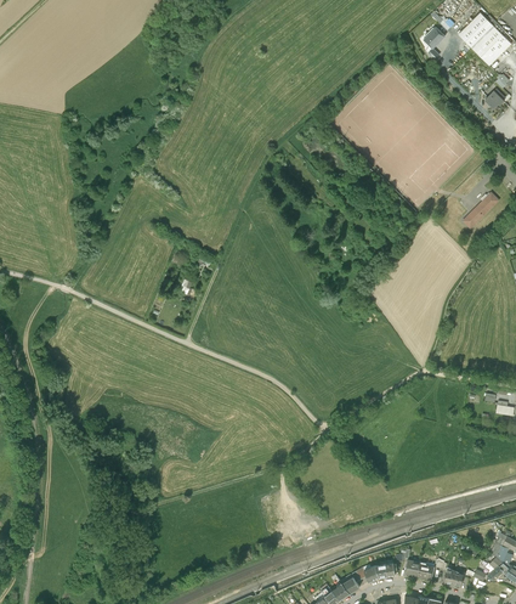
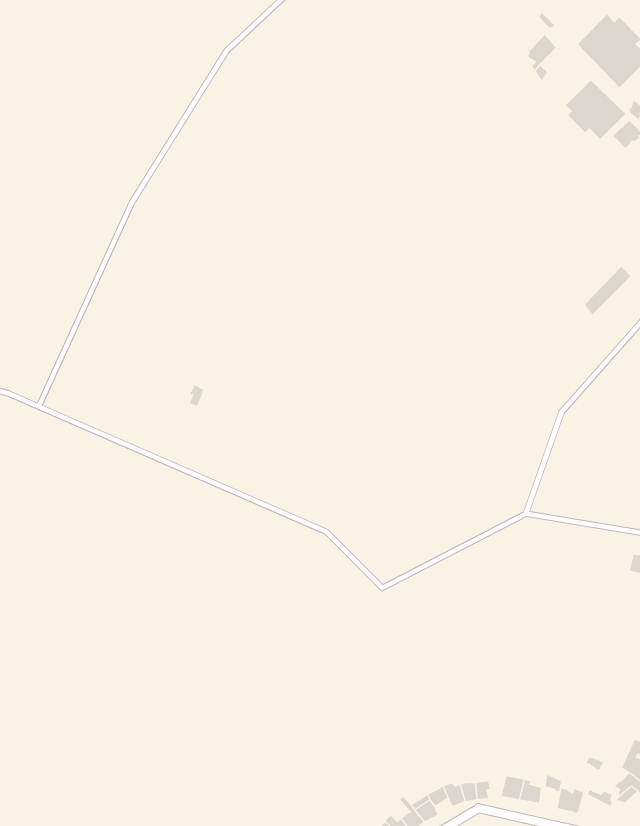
building: none -> [565,80,626,140]

